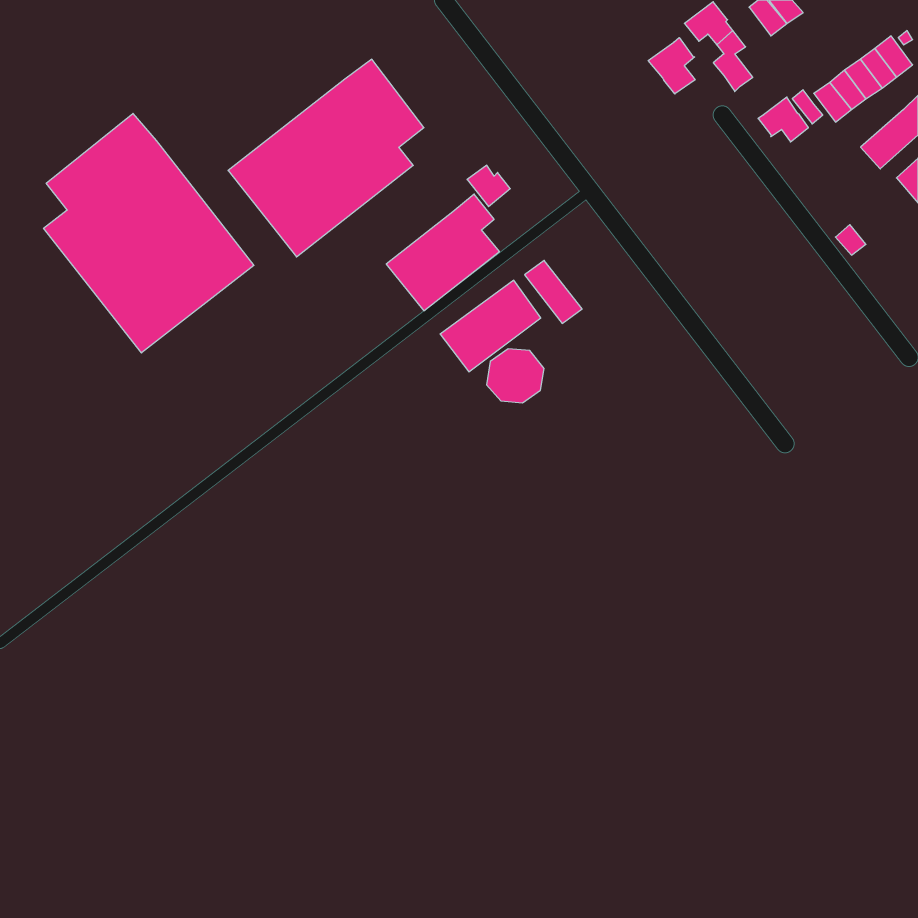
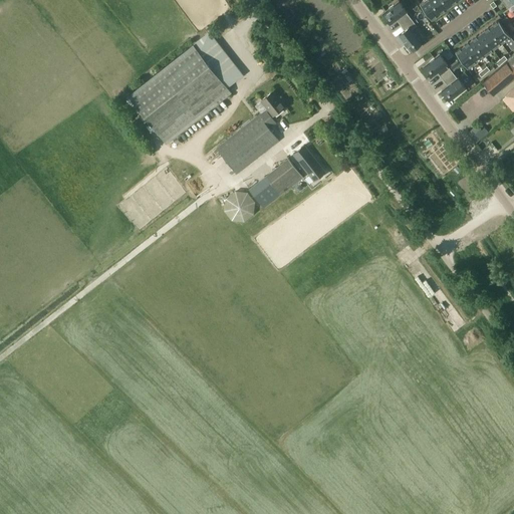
building: [648,38,695,94] -> none
building: [44,113,254,353] -> none
building: none -> [442,71,465,100]
building: [487,349,544,403] -> [223,191,255,221]

